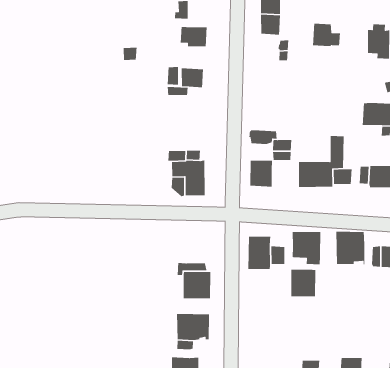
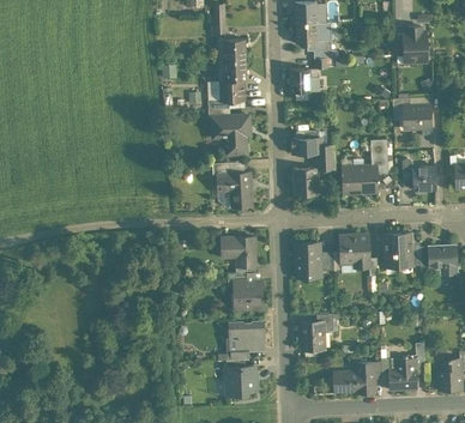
building: [312,23,341,47] -> [290,68,318,91]
building: none -> [219,59,246,81]
building: none -> [212,114,247,155]
building: none -> [222,236,256,266]
building: [290,269,316,297] -> [298,321,325,350]

